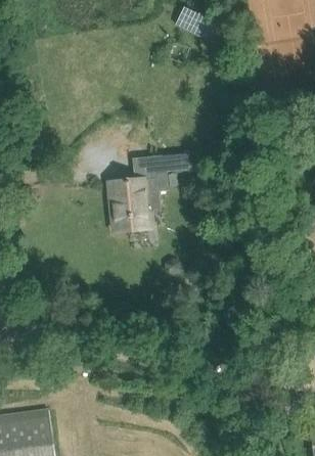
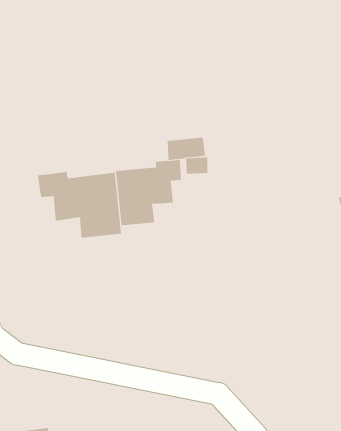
building: none -> [37,171,122,239]

